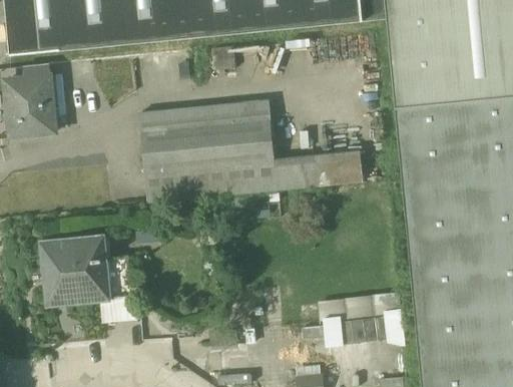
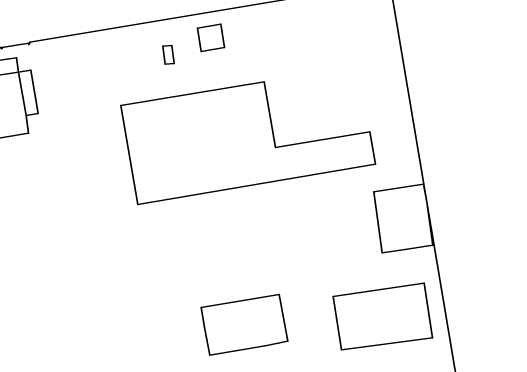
building: none -> [374,184,433,253]
building: [42,235,130,305] -> none
building: none -> [201,294,288,355]

